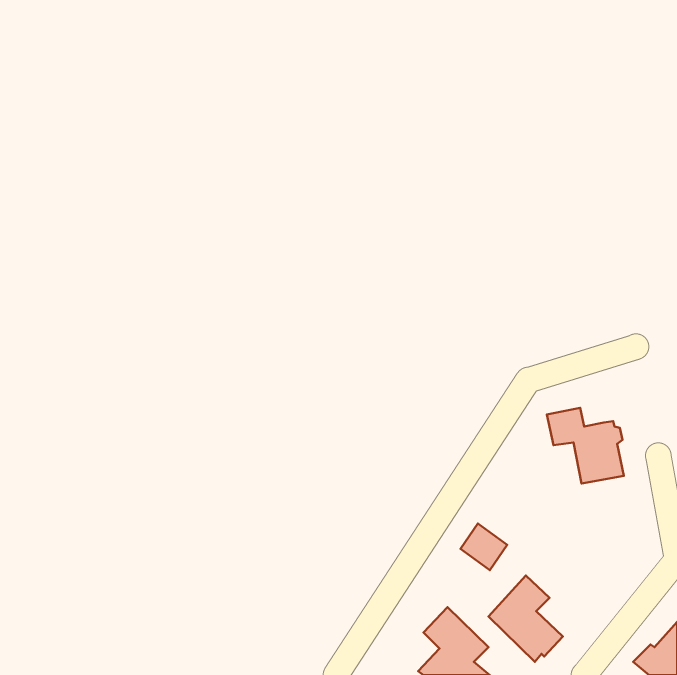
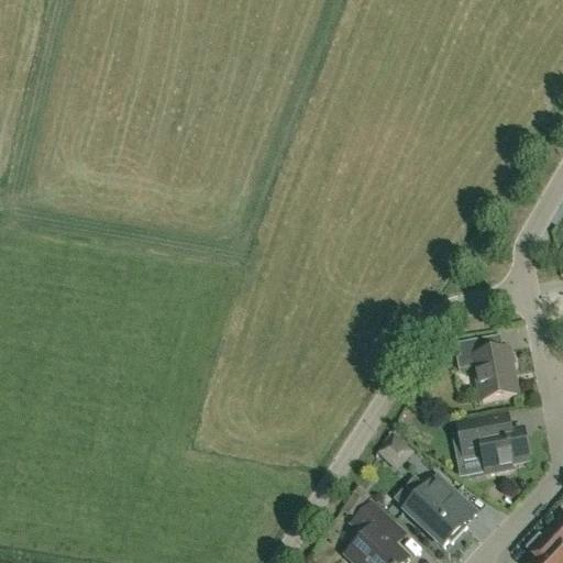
building: none -> [456,412,529,472]

